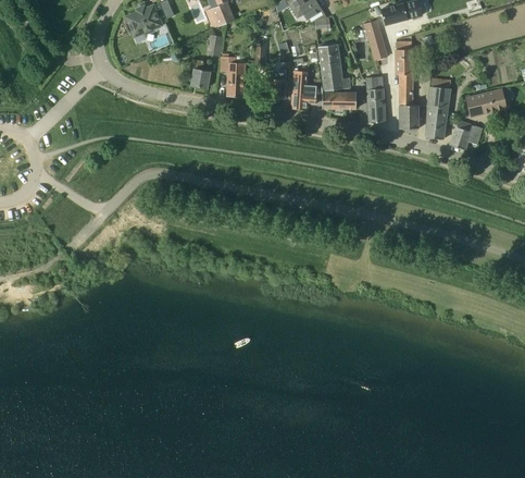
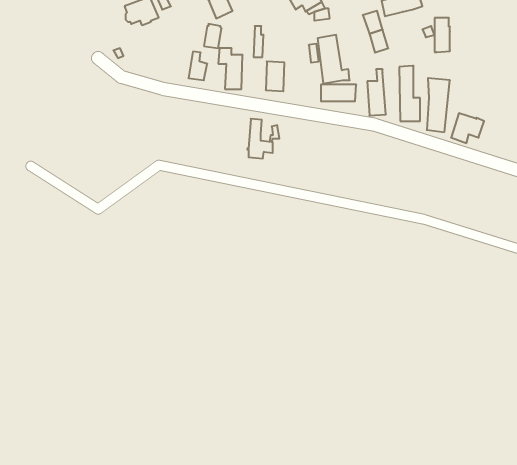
building: [397,40,412,74] -> [435,18,450,52]
building: [291,70,323,109] -> [247,119,279,158]
building: [466,88,505,115] -> none

